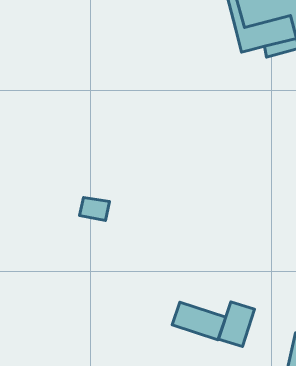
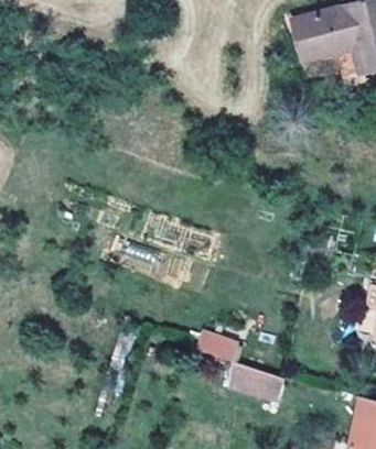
building: none -> [195,326,241,361]
building: [219,302,255,346] -> none

